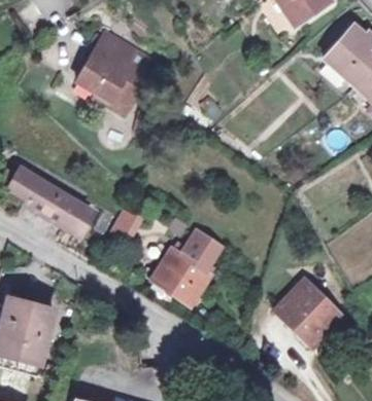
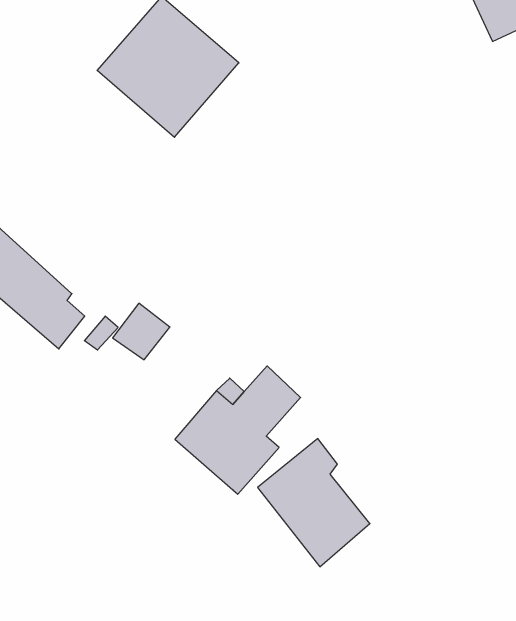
building: [277,278,343,349] -> [258,439,370,567]

